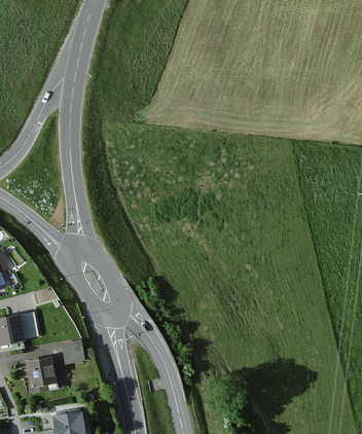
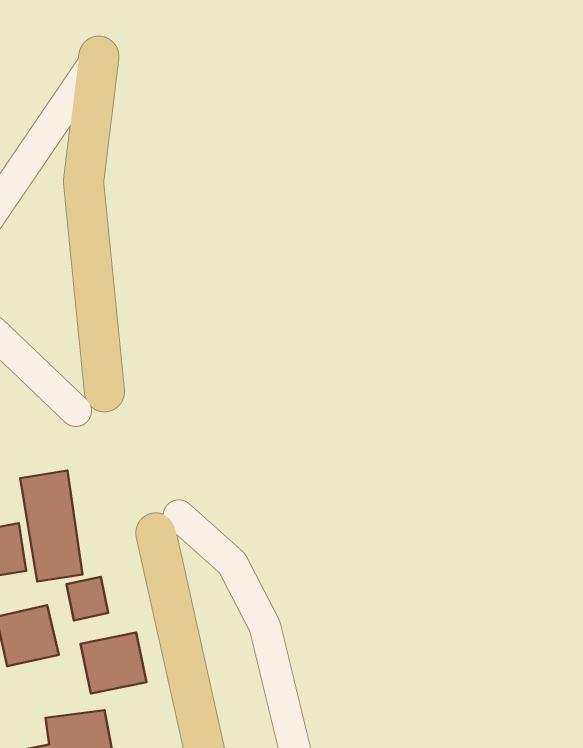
building: none -> [20,470,83,582]
building: none -> [80,633,147,693]

